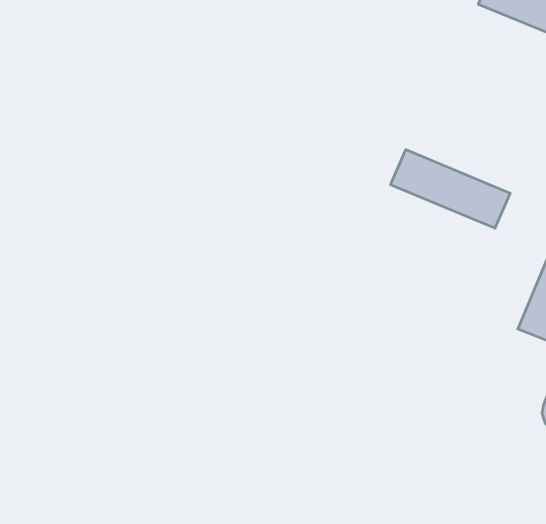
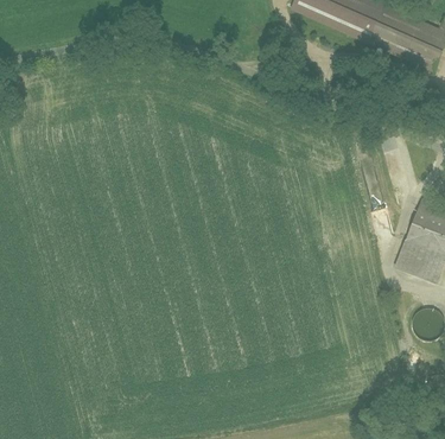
building: [391,150,510,228] -> none

